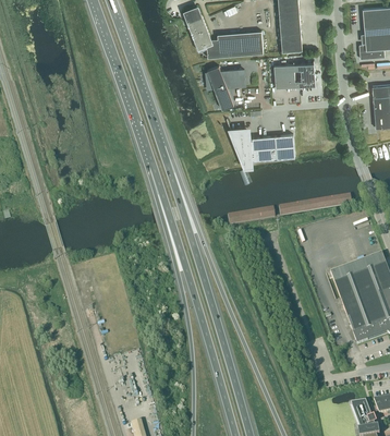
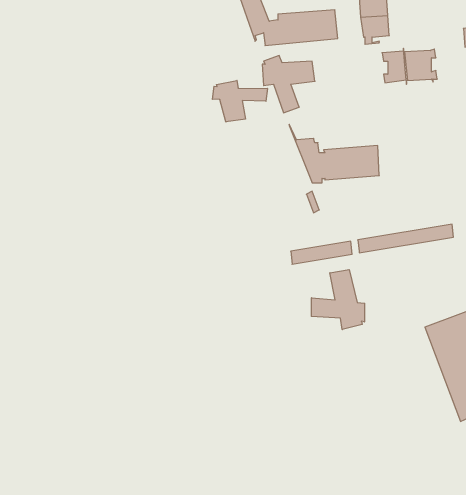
building: [275,63,300,88] -> [404,49,437,82]
building: none -> [212,80,267,122]
building: none -> [311,270,365,330]

